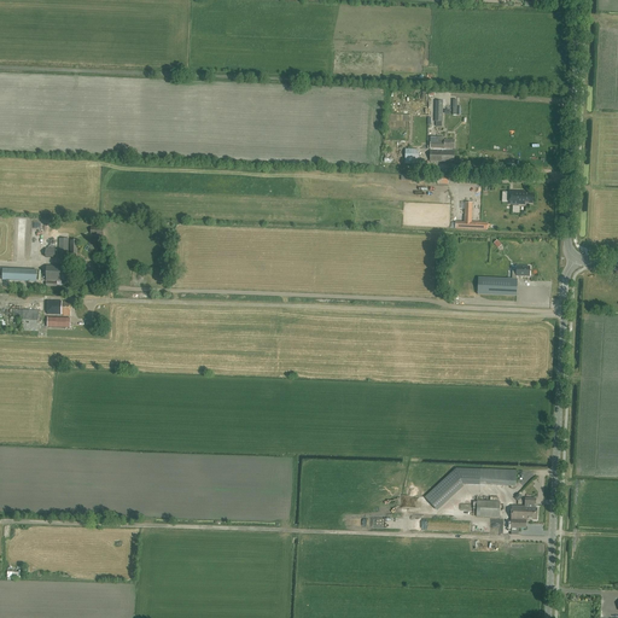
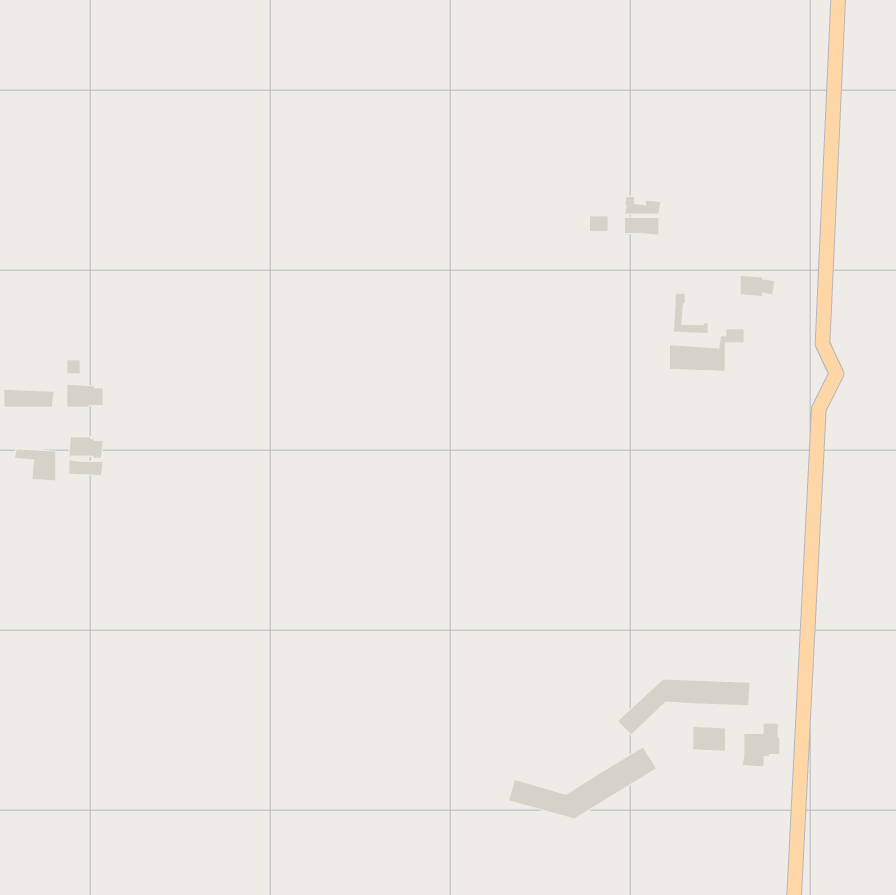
building: [478,266,530,295] -> [669,329,745,371]
building: none -> [508,747,657,819]

